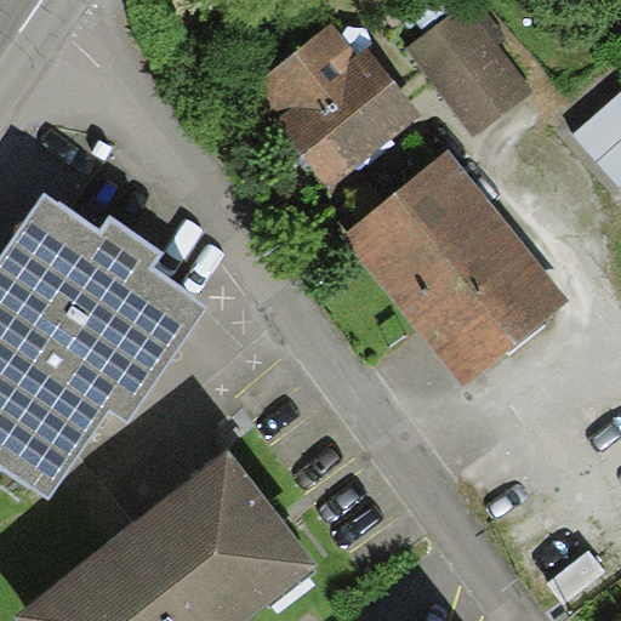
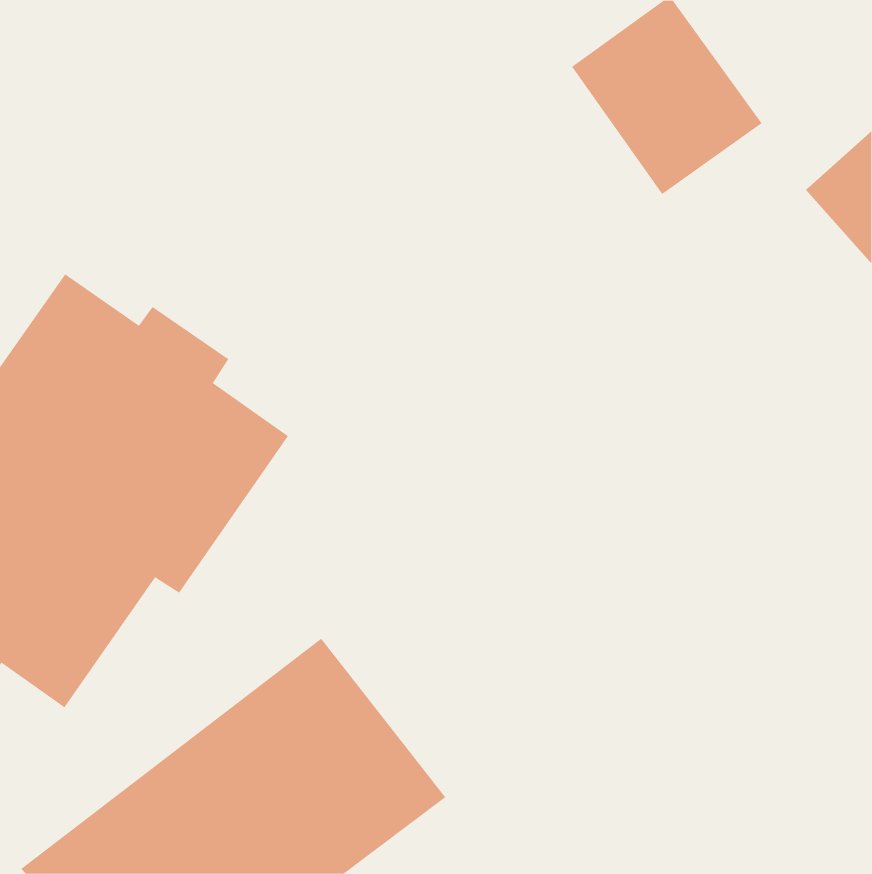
building: [255,22,422,194] -> none
building: [342,150,571,388] -> none

